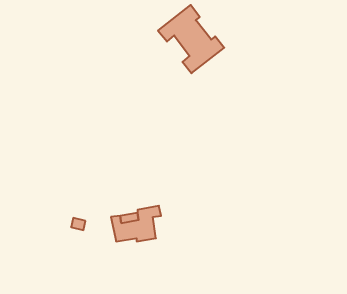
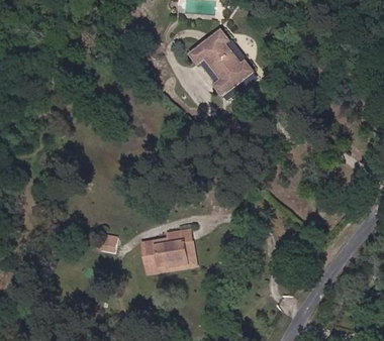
building: none -> [147,237,195,272]

